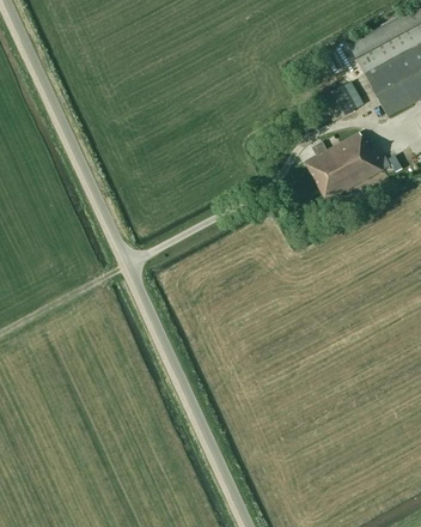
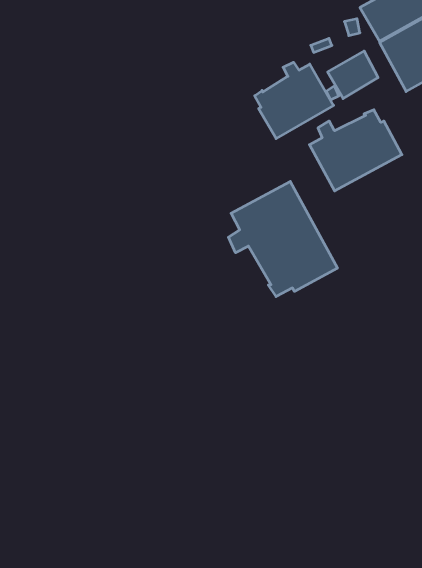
building: none -> [255,62,334,139]
building: none -> [228,181,337,297]

